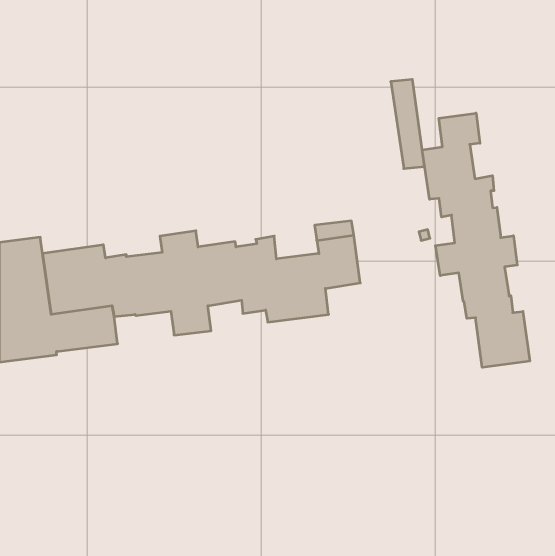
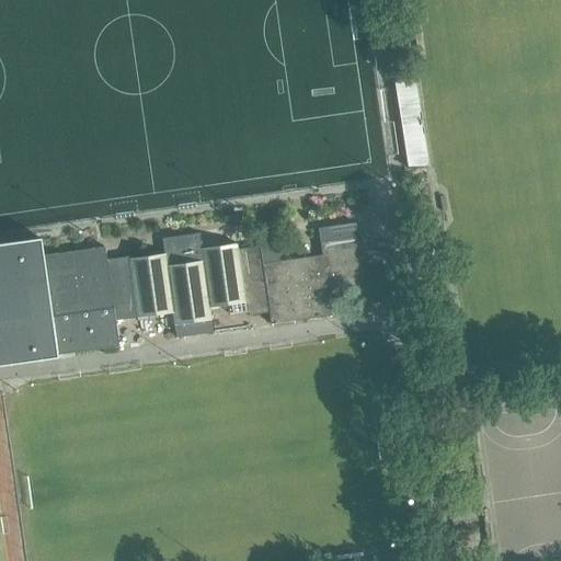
building: [422,113,530,367] -> none

